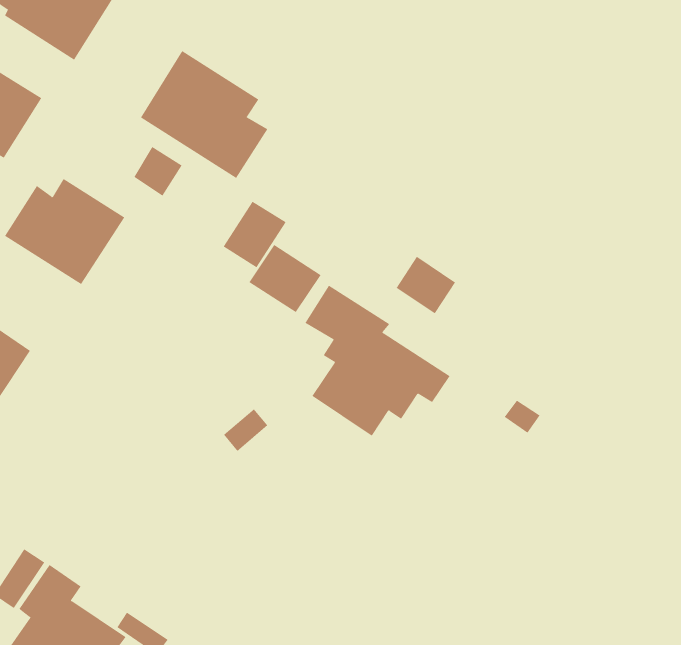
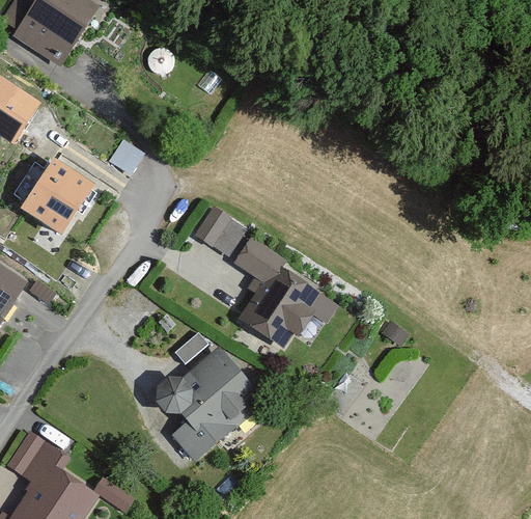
building: [140,50,268,179] -> none
building: [223,201,287,268] -> none
building: [396,256,456,314] -> none
building: none -> [153,345,267,462]

